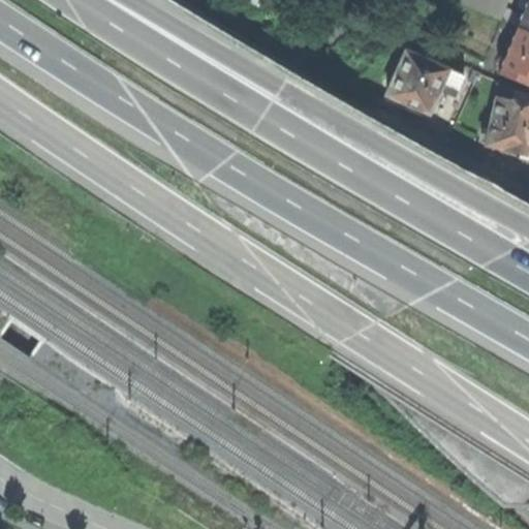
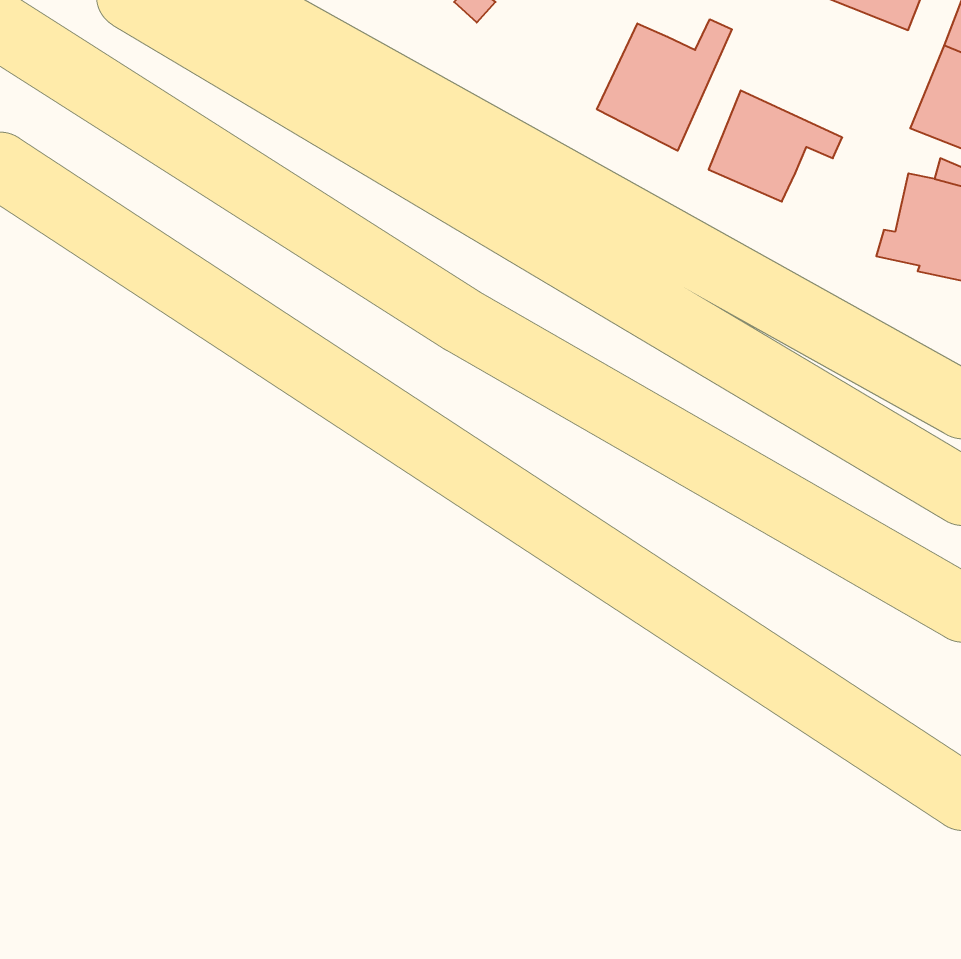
building: none -> [597,19,732,151]

